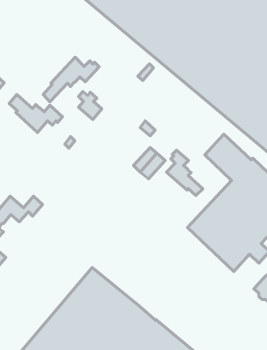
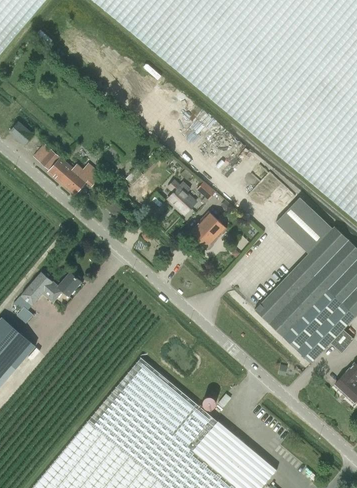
building: [43,57,99,102] -> none
building: [79,91,102,120] -> [169,182,197,216]
building: [166,150,203,195] -> none

